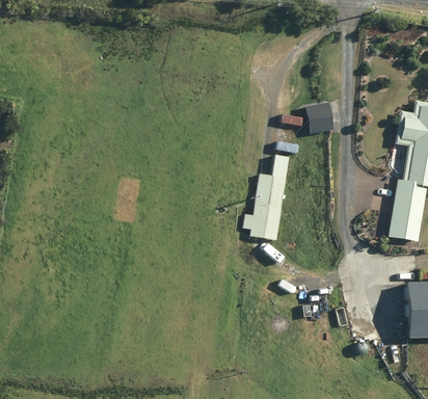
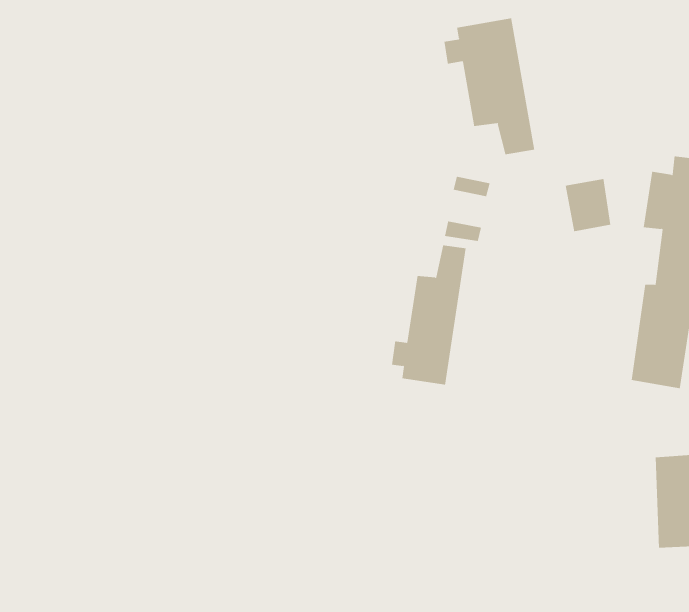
building: none -> [444,17,535,155]
building: [304,101,332,133] -> [565,179,611,232]

